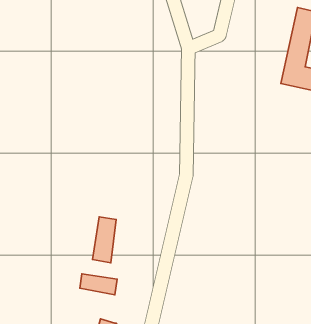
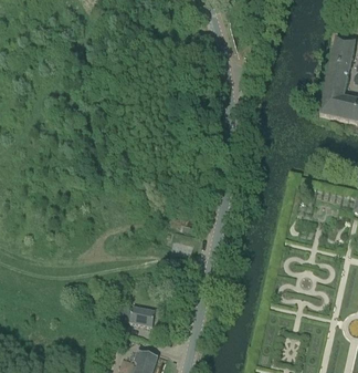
building: [92,217,116,263] -> none

